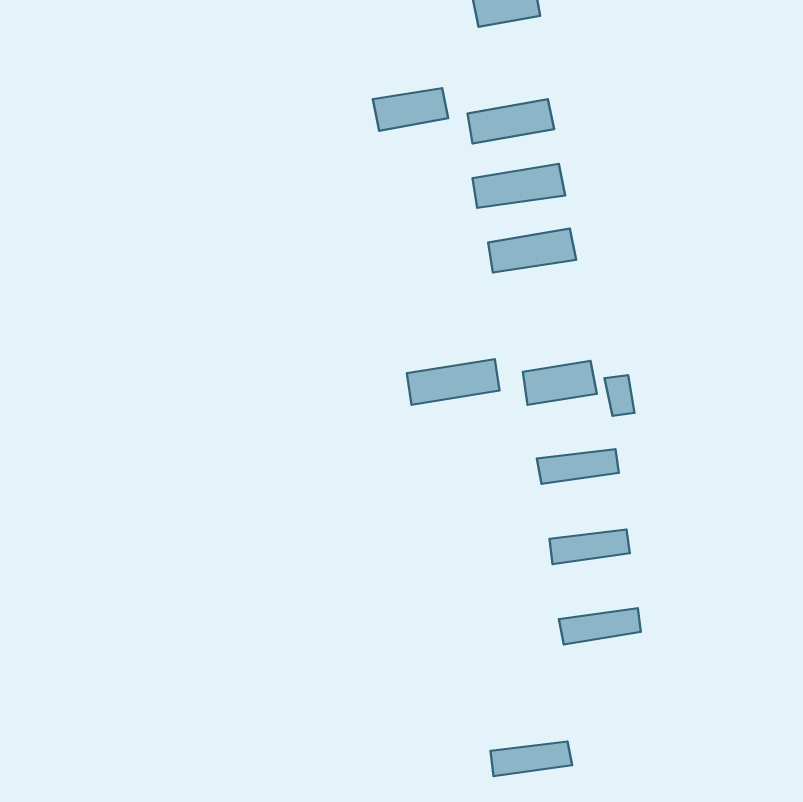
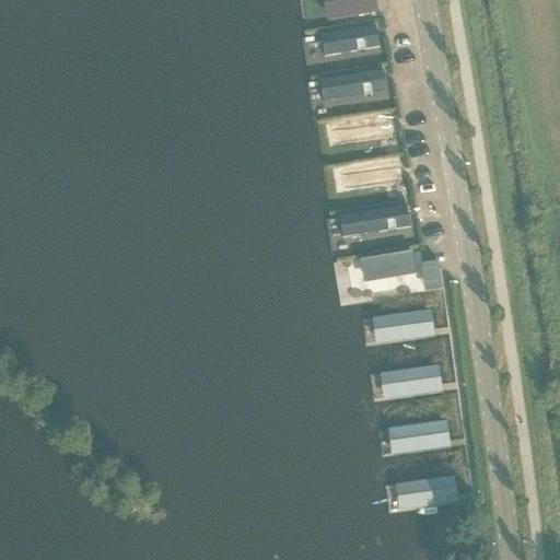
building: [373,88,448,131] -> [325,25,377,55]
building: [407,359,500,405] -> [343,205,408,236]
building: [490,741,572,776] -> [397,478,454,502]

